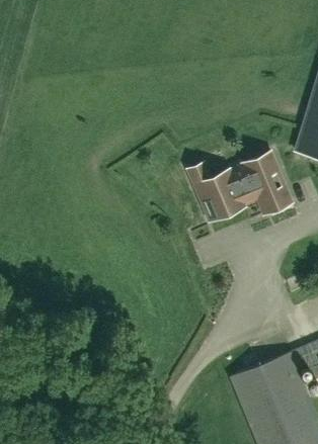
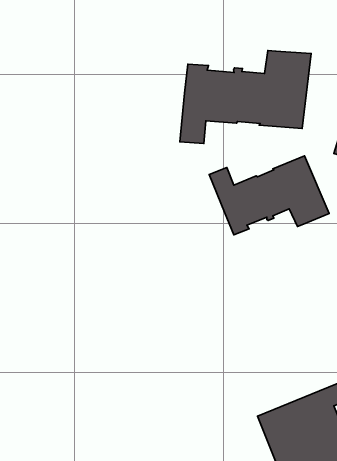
building: none -> [180,50,311,143]

